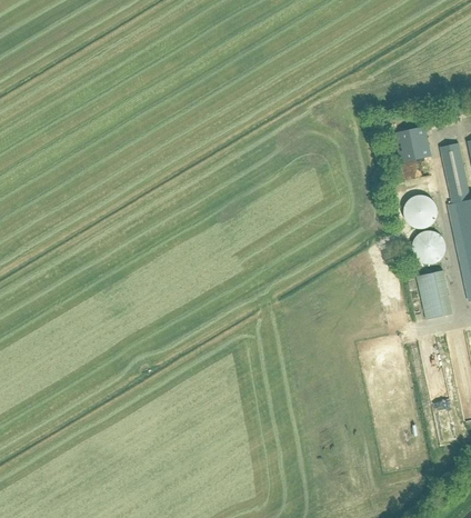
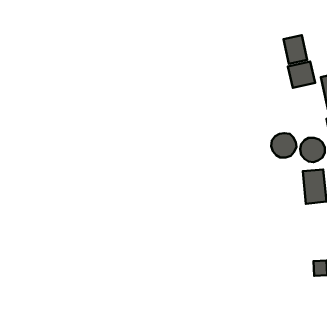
building: none -> [283,35,307,64]
building: [403,195,438,228] -> [271,133,297,158]

